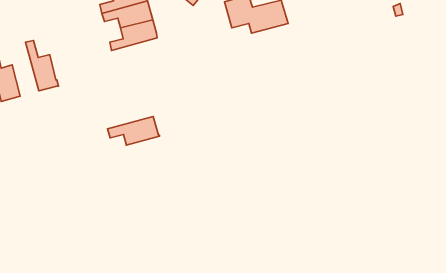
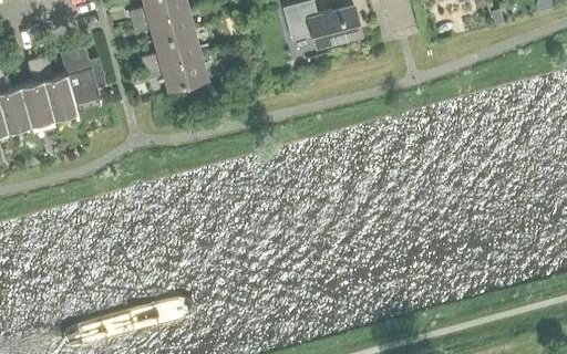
building: none -> [61,46,106,105]
building: none -> [21,59,54,125]
building: [107,116,159,145] -> [144,53,208,88]

